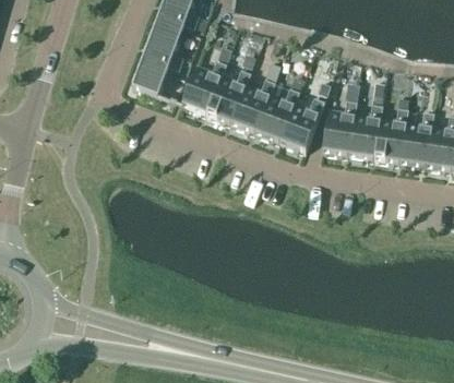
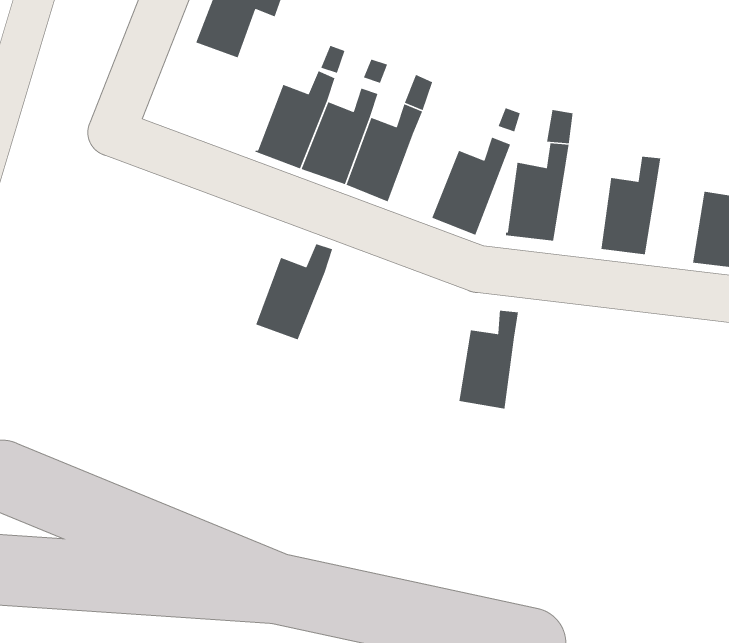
building: [132,44,182,103] -> none
building: [255,87,299,142] -> [255,243,333,341]
building: [348,104,382,159] -> [458,310,519,409]
building: [399,111,433,167] -> none

